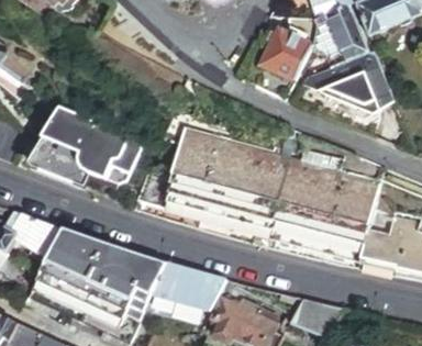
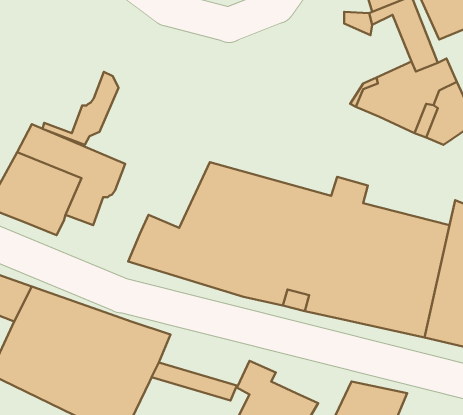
building: [263,26,313,78] -> none
building: [84,134,141,189] -> [43,72,119,145]
building: [155,263,224,301] -> none

